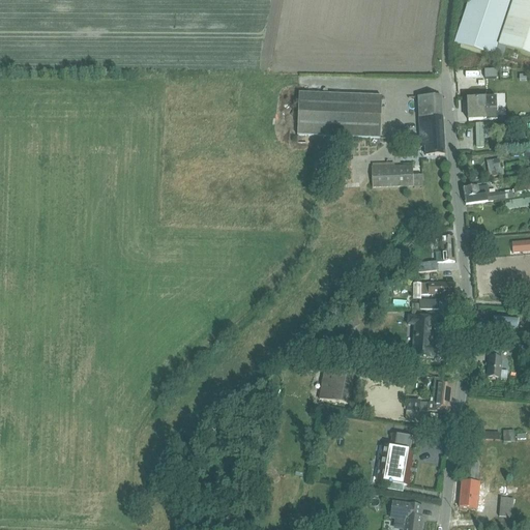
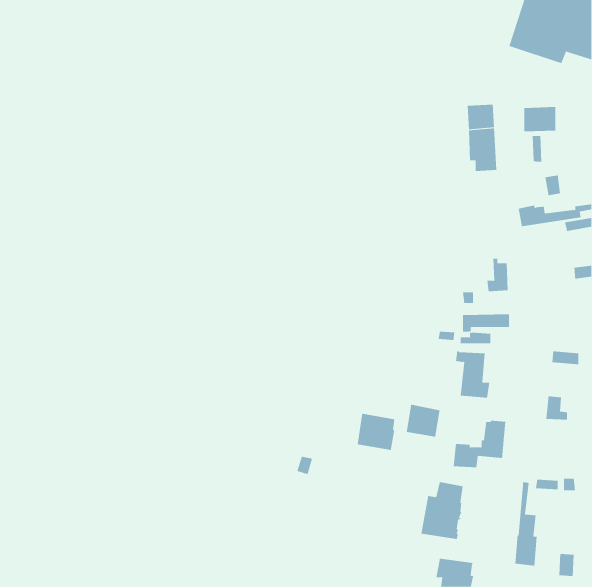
building: [297,90,382,142] -> none
building: [372,163,422,185] -> none
building: none -> [406,404,440,437]

